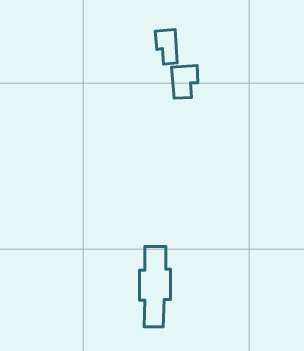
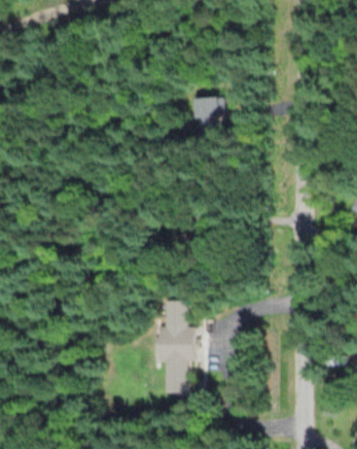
building: [155,30,177,64] -> none

